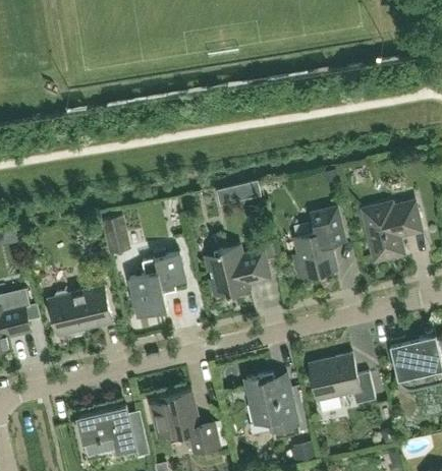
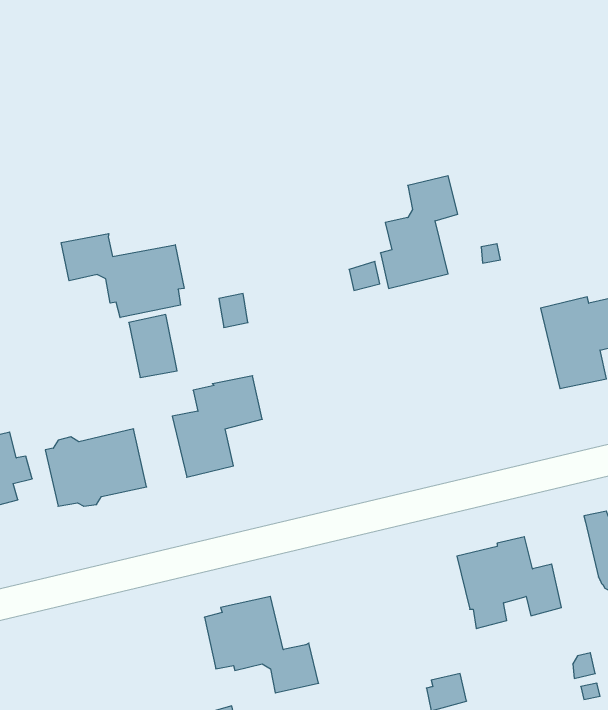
building: none -> [61,234,184,318]
building: [293,208,342,279] -> [380,176,458,288]
building: [207,245,269,296] -> none
building: [245,372,297,431] -> none
building: [78,406,150,457] -> none

